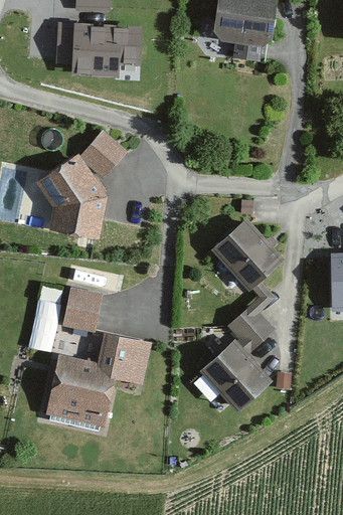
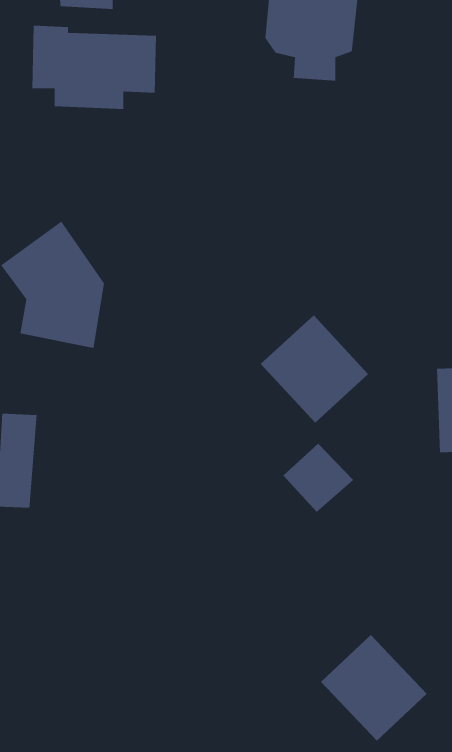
building: [78,129,126,177] -> none
building: [61,287,101,331] -> none
building: [44,331,151,427] -> none
building: [199,340,272,412] -> [320,634,428,742]

